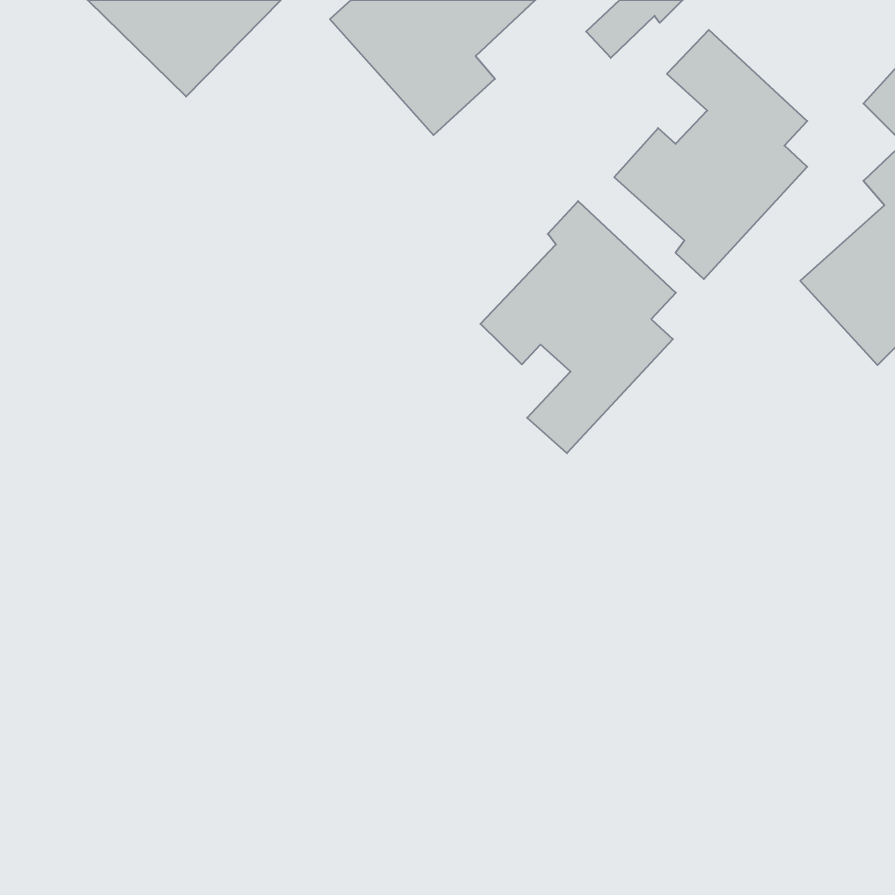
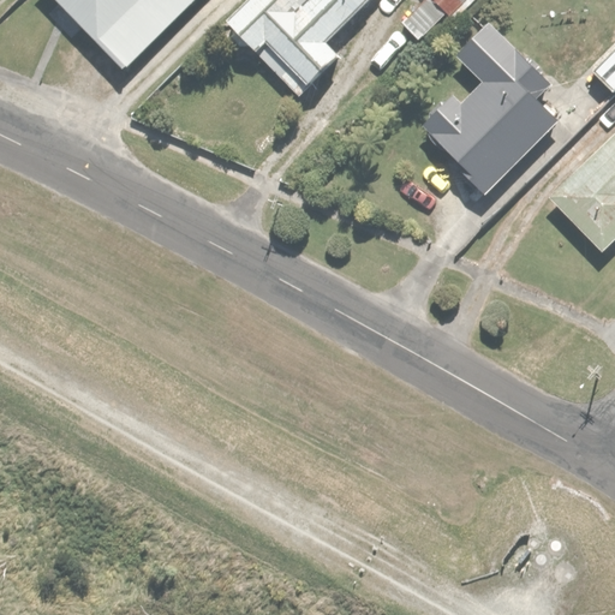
building: [480,201,676,453] -> none

